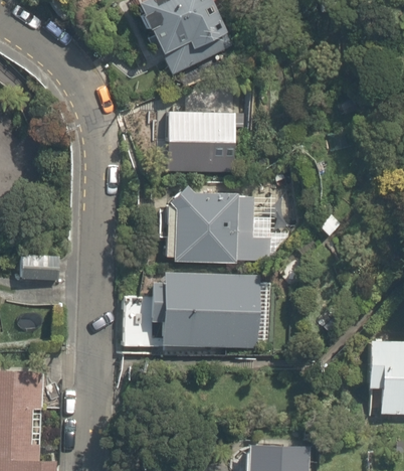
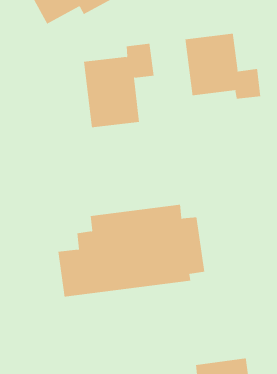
building: none -> [185,33,261,100]
building: [173,192,240,266] -> none

